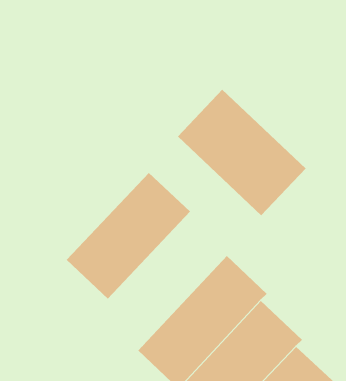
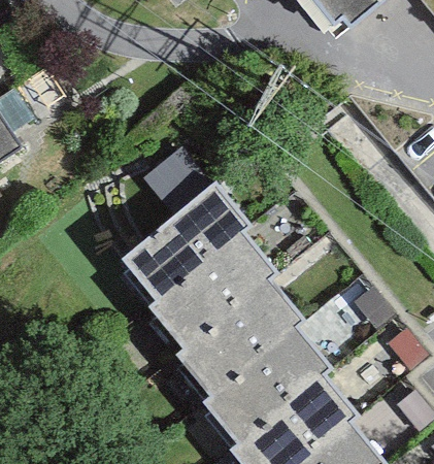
building: [177,89,306,216] -> none
building: none -> [149,240,281,362]

